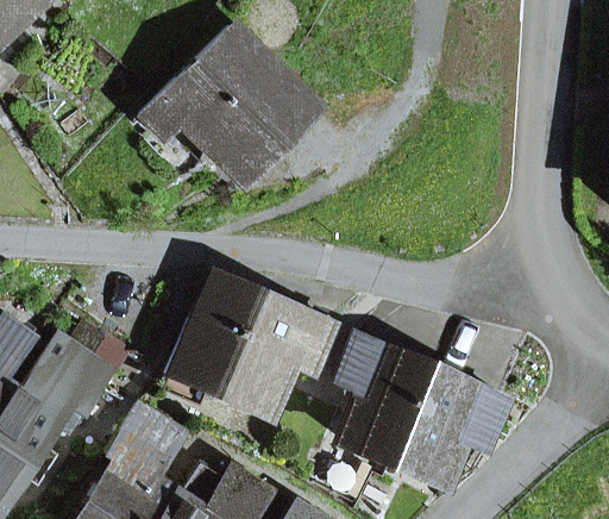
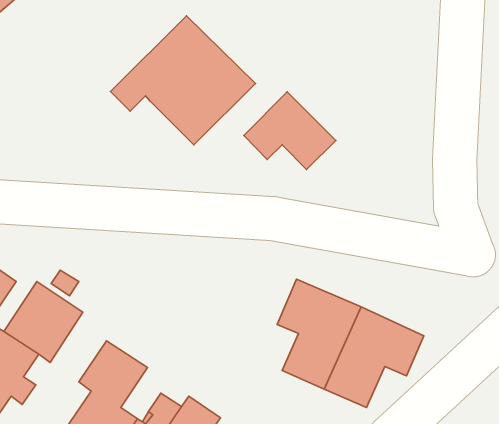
building: none -> [244,92,336,169]
building: [168,271,335,418] -> none

